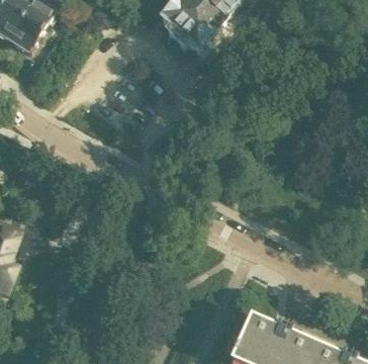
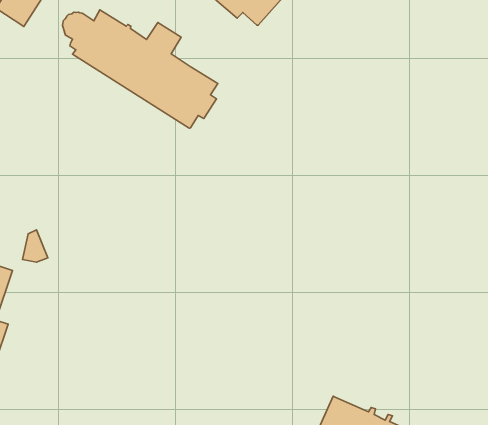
building: none -> [63,10,218,128]

